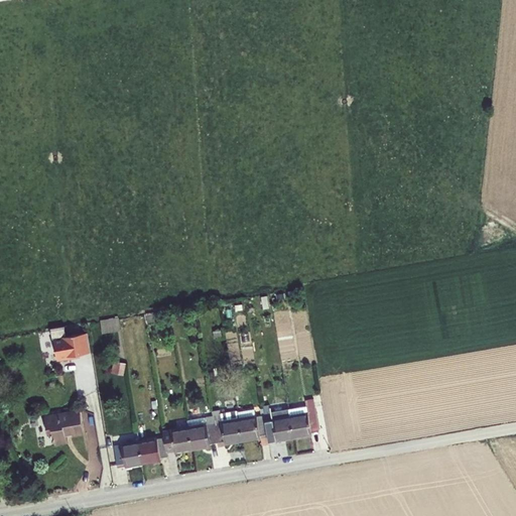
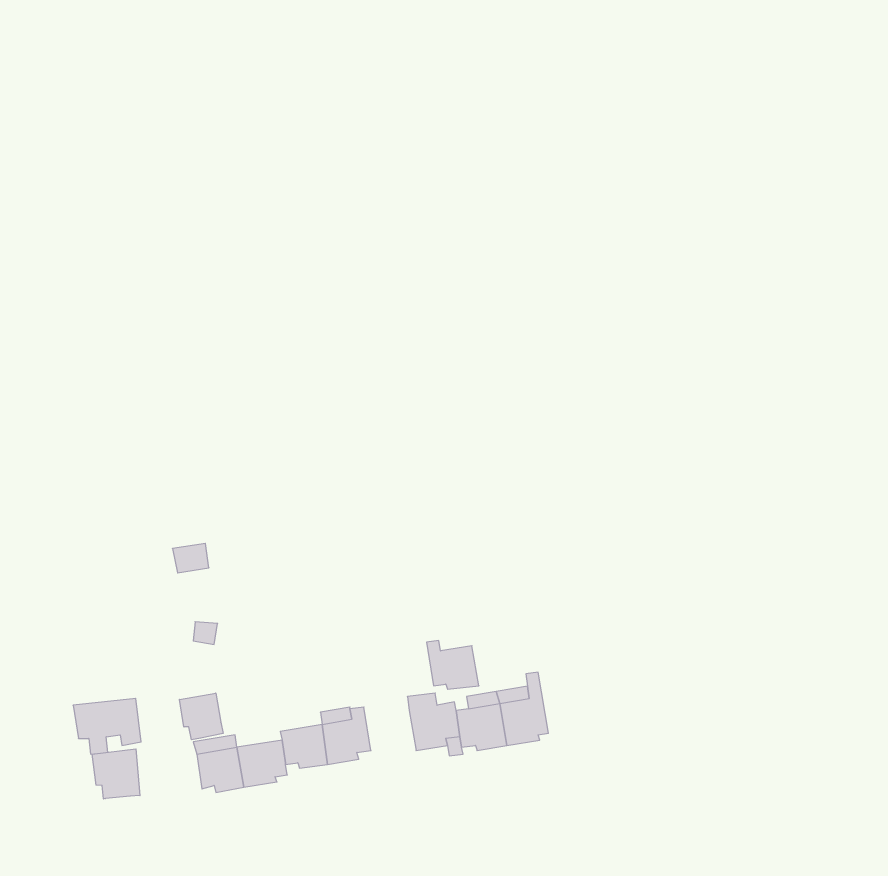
building: [48,334,90,367] -> none
building: none -> [179,693,223,740]
building: [211,416,241,444] -> [427,641,479,689]
building: none -> [92,749,140,799]

